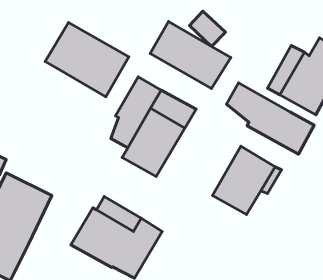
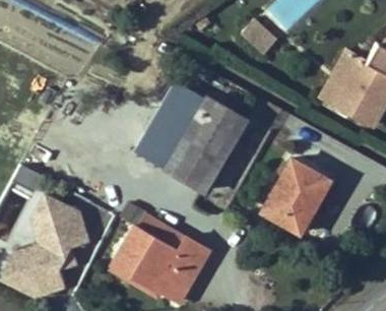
building: [150,21,231,89] -> none
building: [45,22,129,97] -> none
building: [226,83,314,154] -> none

